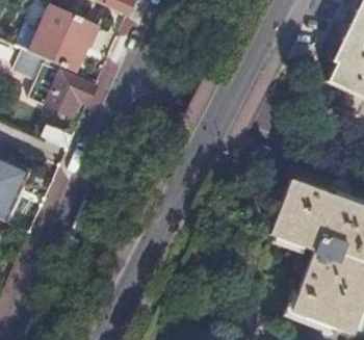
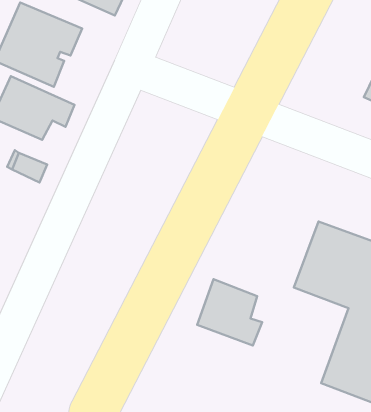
building: none -> [197,279,262,346]

